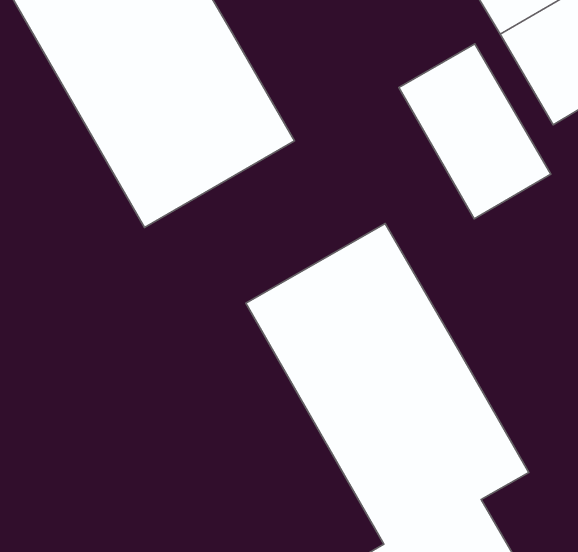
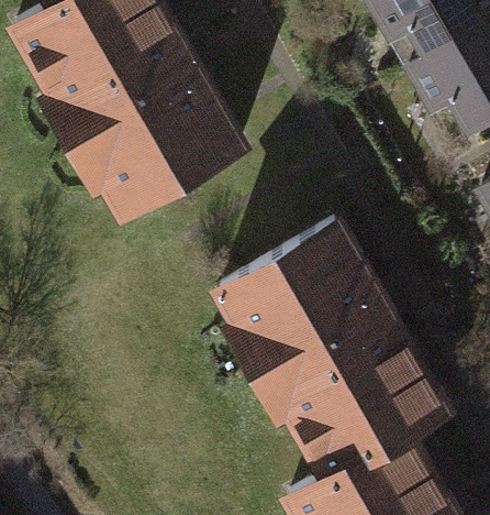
building: [399,44,551,219] -> none

